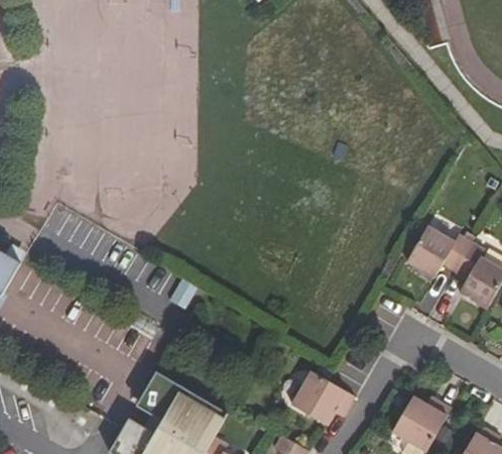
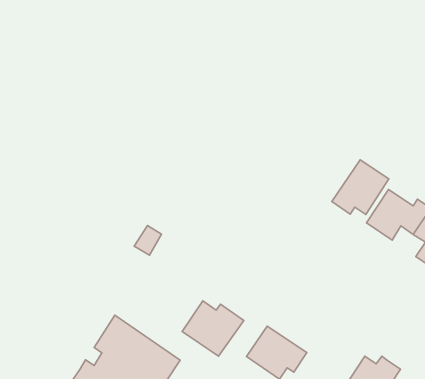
building: none -> [332,160,389,214]
building: none -> [182,301,244,356]

